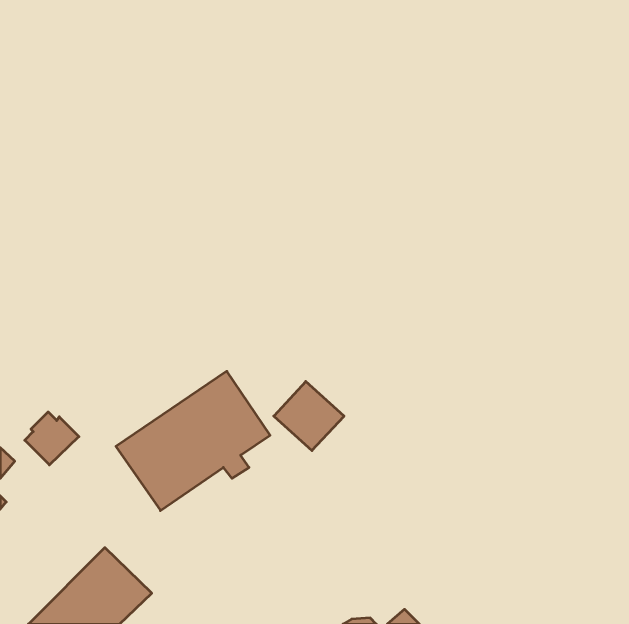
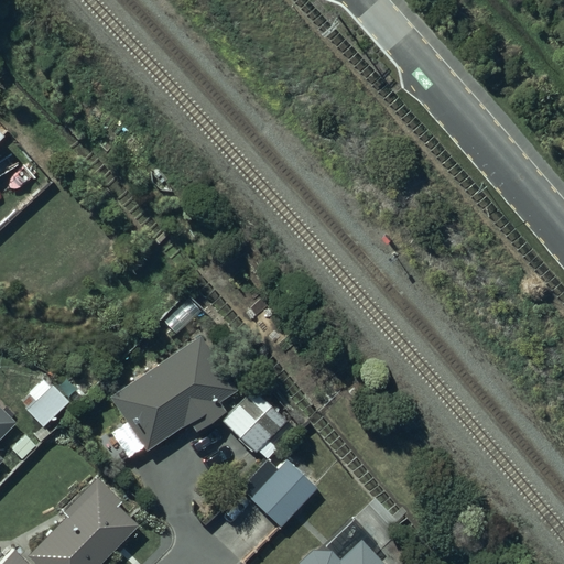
building: [274,381,344,451] -> [225,393,288,455]
building: none -> [248,460,318,531]

